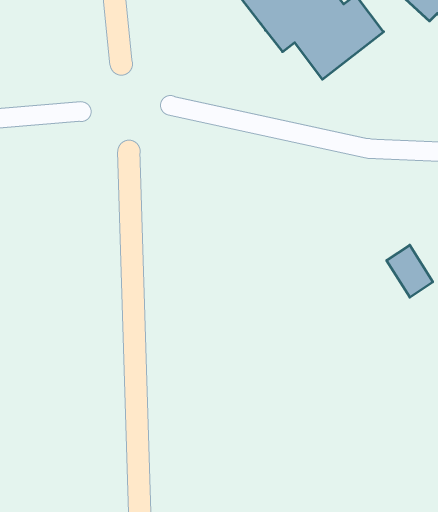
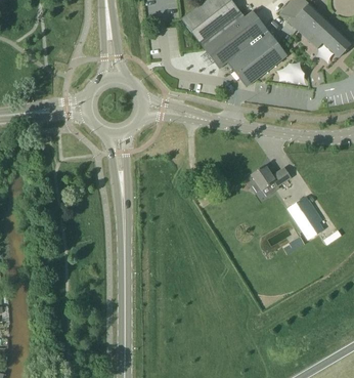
building: none -> [252,164,294,192]

